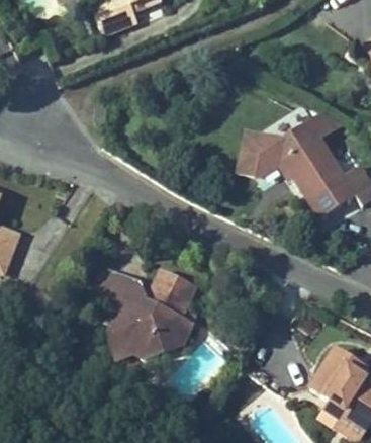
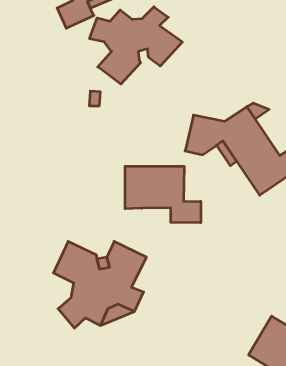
building: none -> [90,7,182,84]
building: none -> [125,166,201,223]

